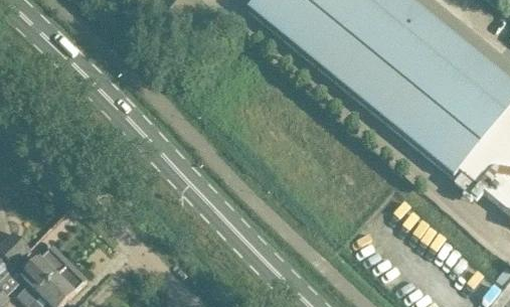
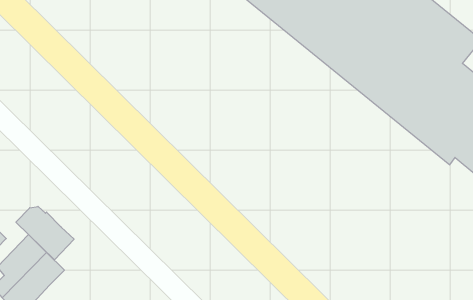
building: none -> [16,206,74,260]

